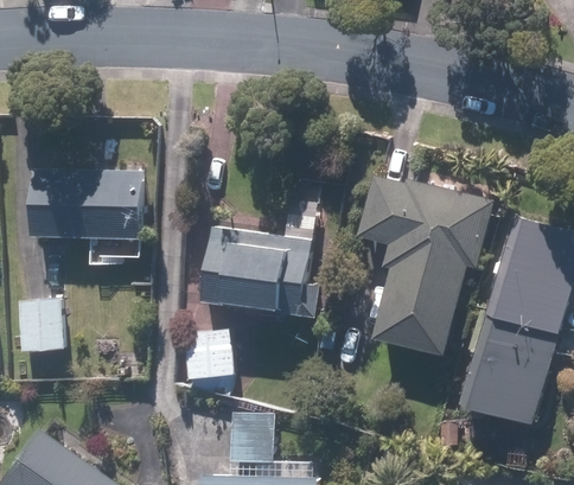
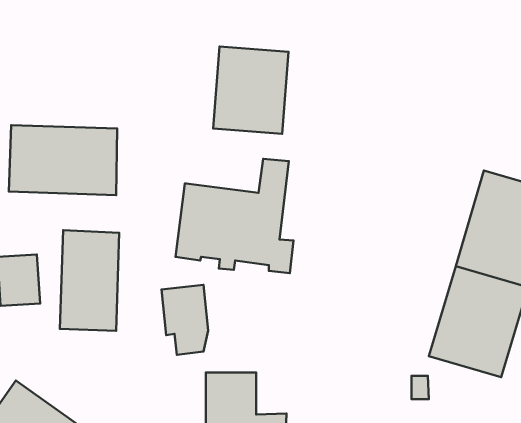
building: none -> [213,47,288,134]
building: [357,177,491,353] -> none
building: none -> [60,230,119,331]

